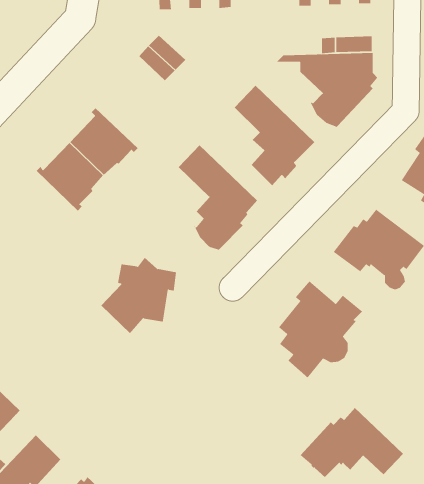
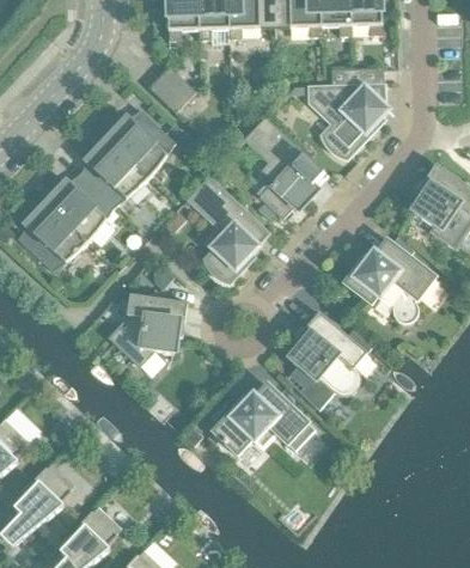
building: none -> [105,109,175,179]
building: none -> [18,202,87,271]
building: [300,407,404,478] -> [212,384,316,454]

